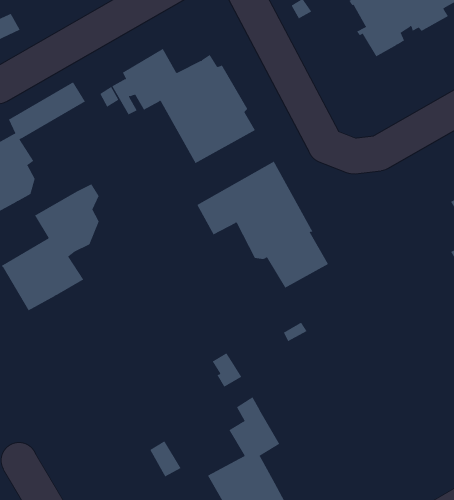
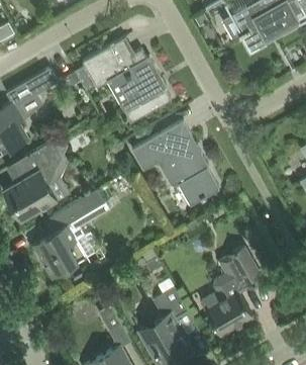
building: none -> [32,190,110,277]
building: none -> [205,248,262,335]

